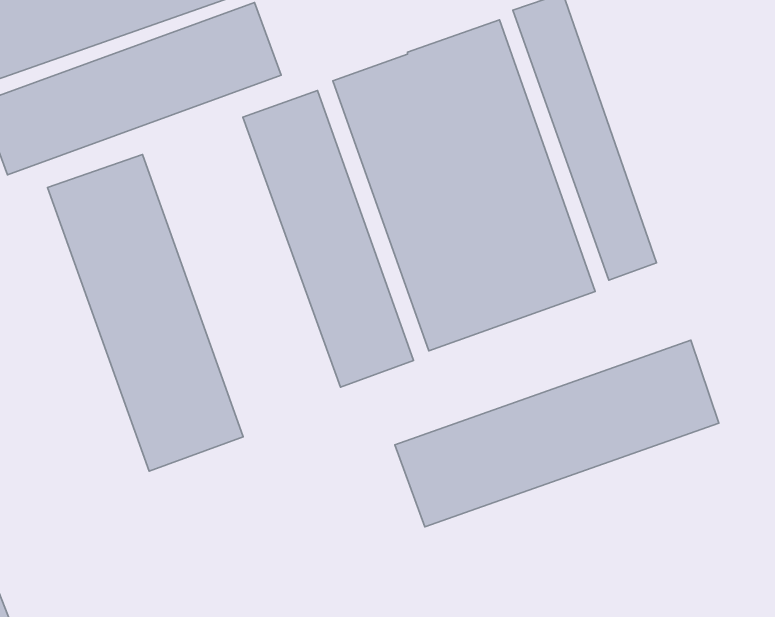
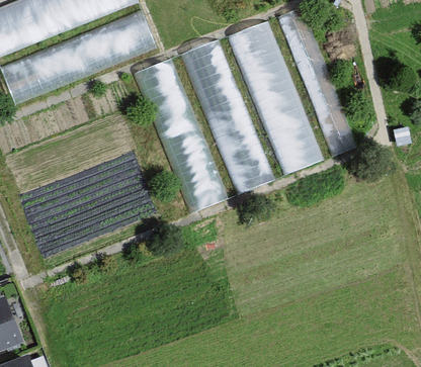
building: [47,154,243,471] -> none
building: [395,340,719,527] -> none

